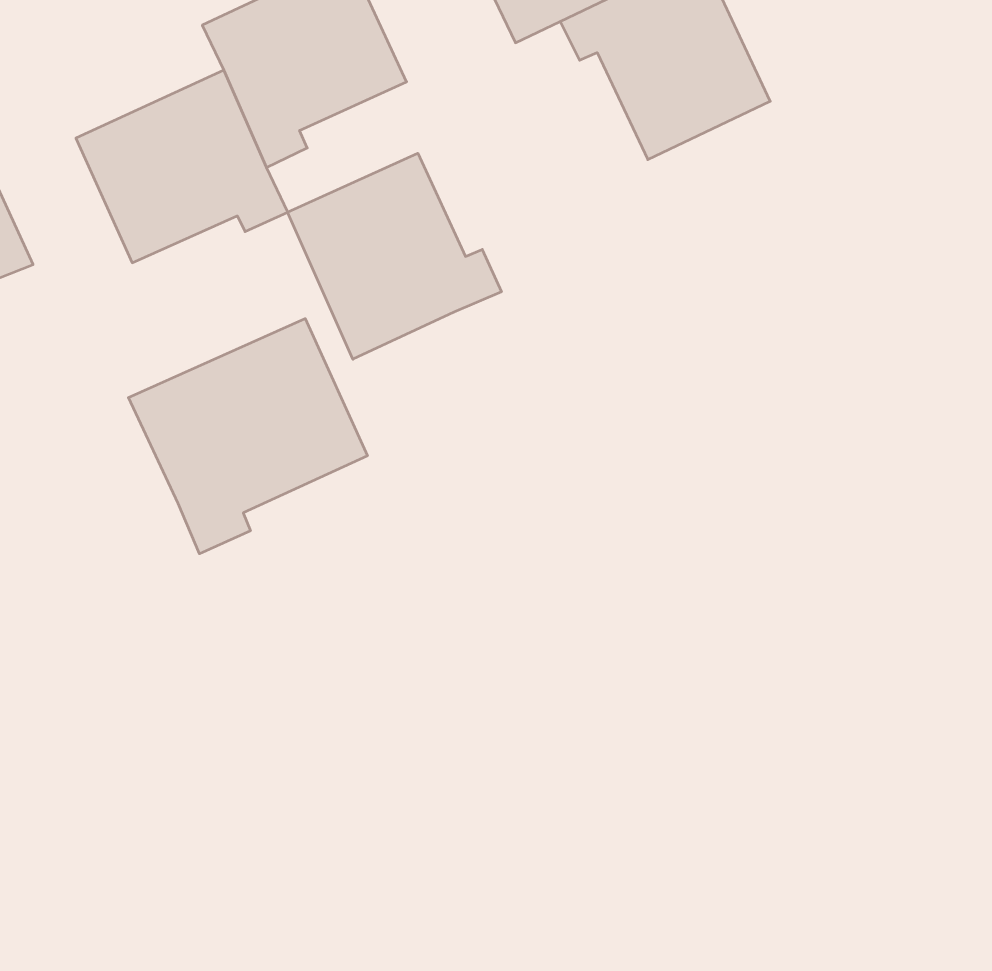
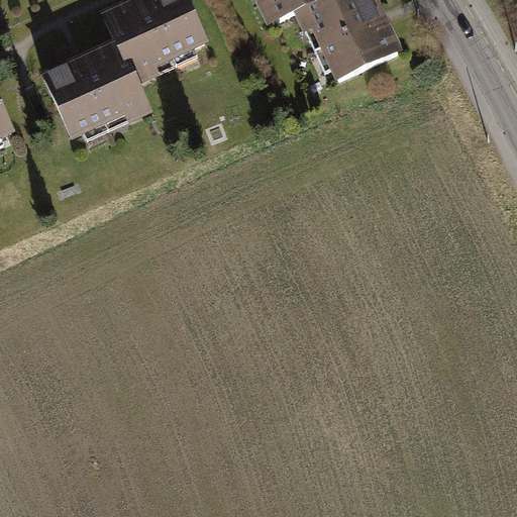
building: [288,153,501,359] -> none
building: [128,319,367,554] -> none

